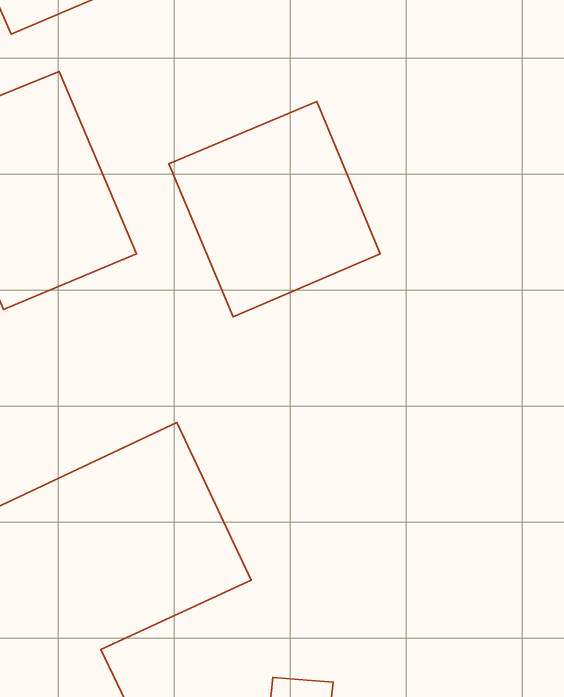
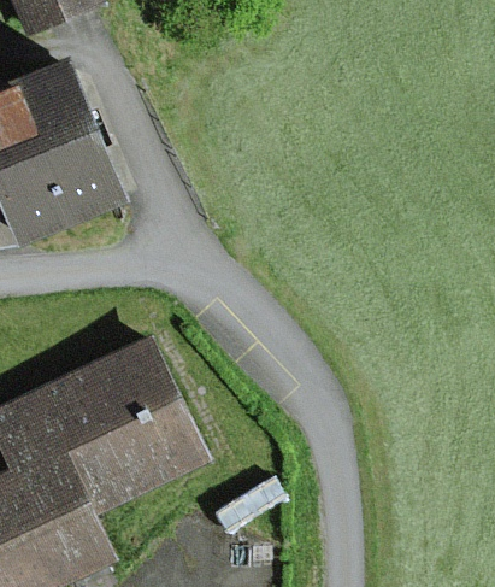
building: [169,102,380,317] -> none

